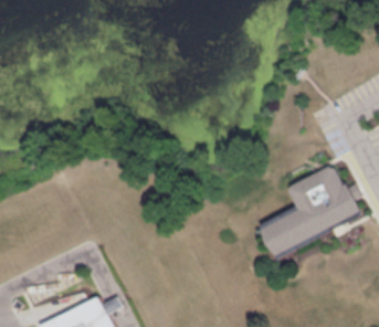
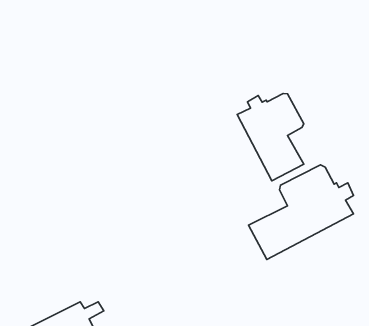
building: none -> [237,93,304,181]

